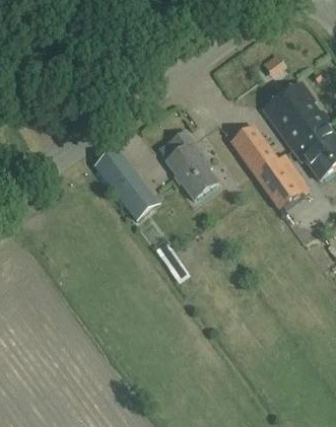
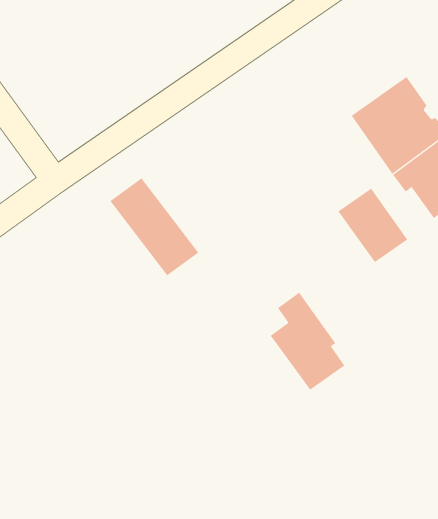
building: [230,124,277,172] -> none
building: [165,129,217,197] -> [270,292,345,390]

